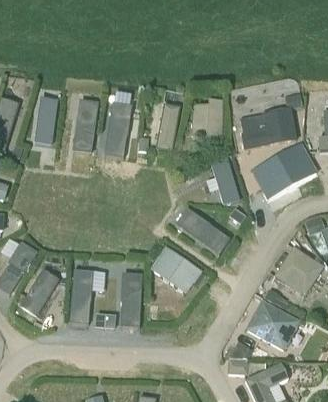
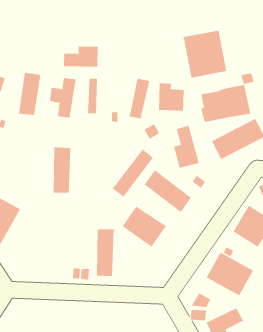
building: none -> [183,30,227,78]
building: none -> [64,46,98,68]
building: none -> [112,148,154,197]
building: [20,267,58,316] -> none
building: [70,269,91,321] -> [53,147,71,193]

